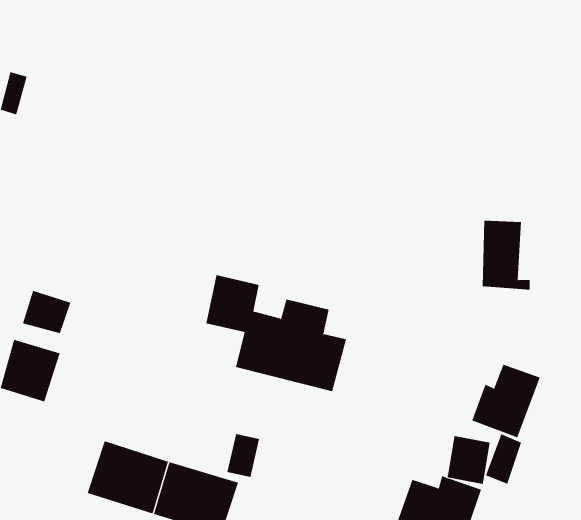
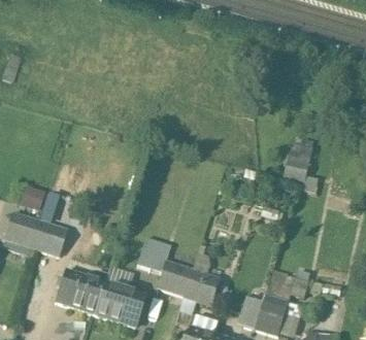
building: [205,274,347,392] -> [137,235,221,304]
building: none -> [30,219,66,257]
building: [471,364,540,438] -> none

